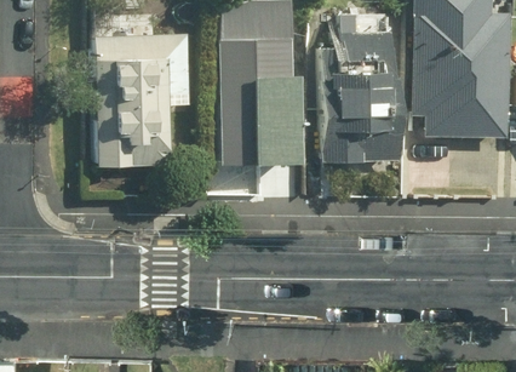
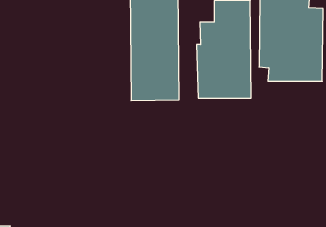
building: [93,35,193,168] -> none

